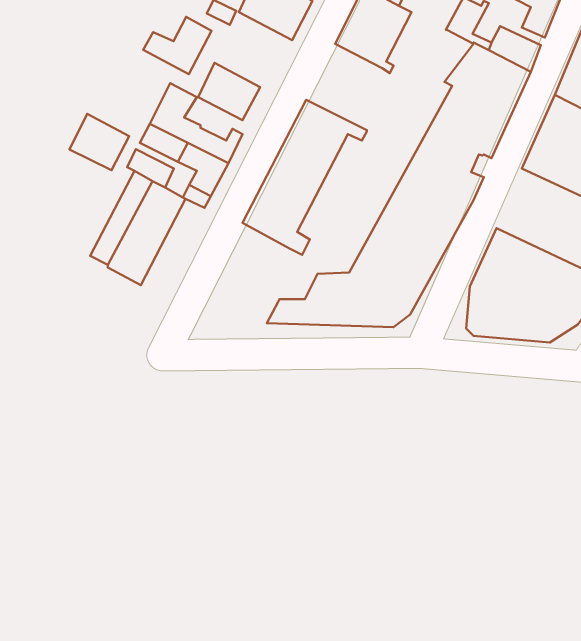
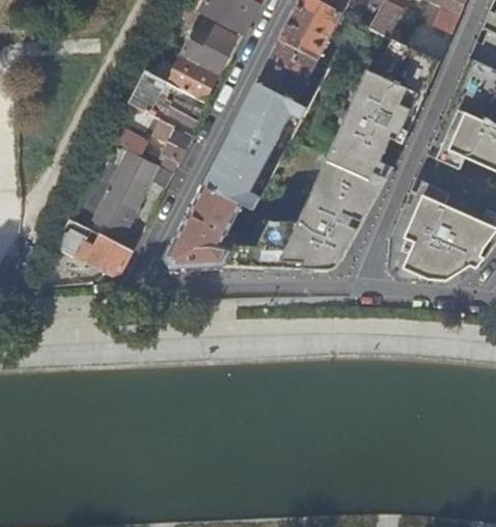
building: [143,17,212,74] -> [182,26,238,73]
building: none -> [256,37,319,108]
building: [69,114,129,170] -> none
building: none -> [167,184,243,268]
building: none -> [54,217,133,275]

